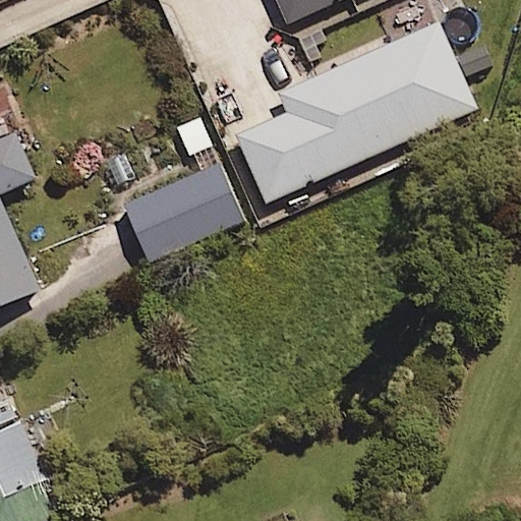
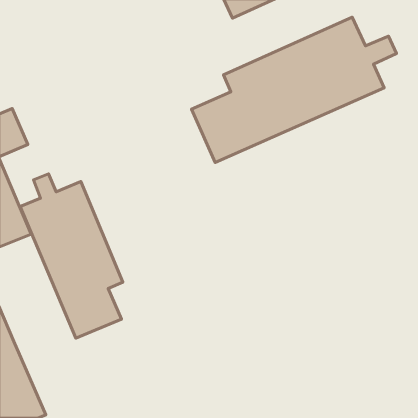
building: [124,165,243,260] -> none
building: none -> [20,174,123,338]

